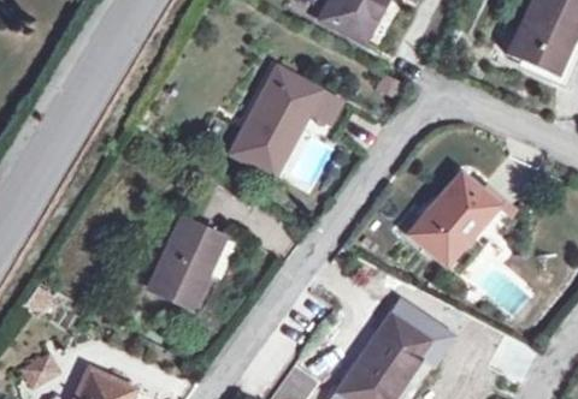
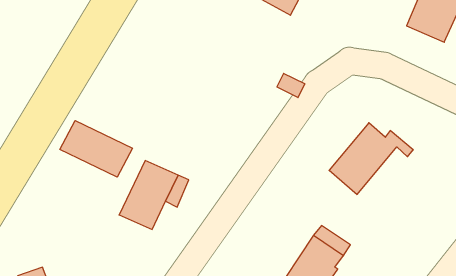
building: [234,67,343,174] -> none
building: none -> [60,121,132,177]

